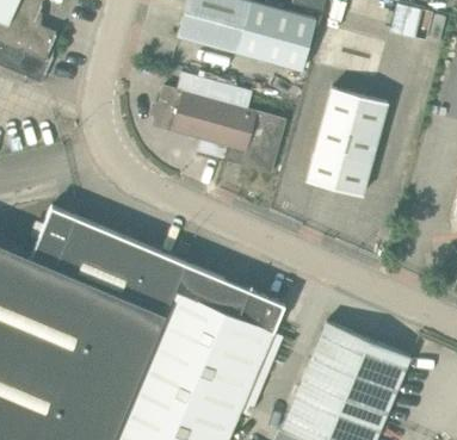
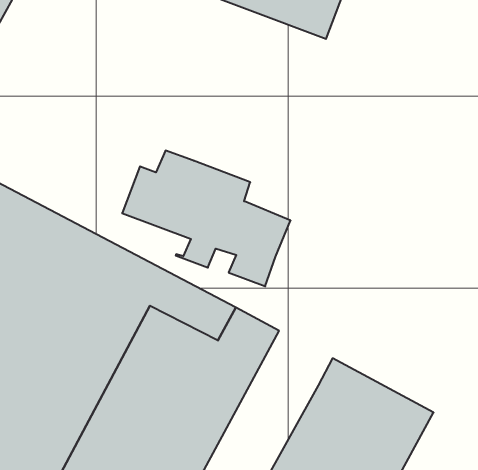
building: [152,73,285,173] -> [122,151,291,286]
building: [308,88,388,196] -> none

